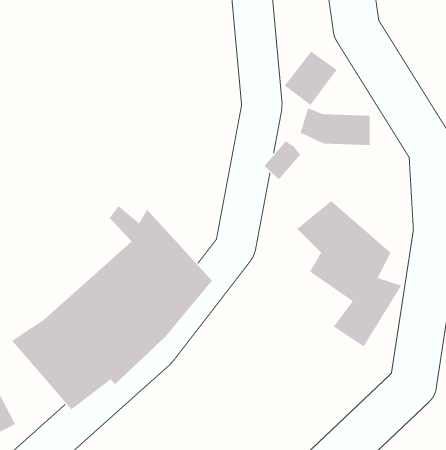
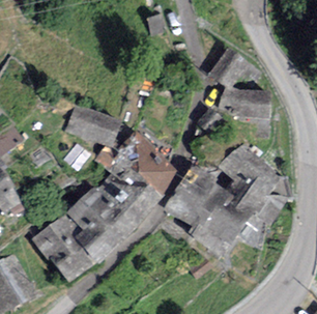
building: none -> [61,97,121,141]
building: none -> [116,129,177,200]
building: none -> [163,166,254,259]

